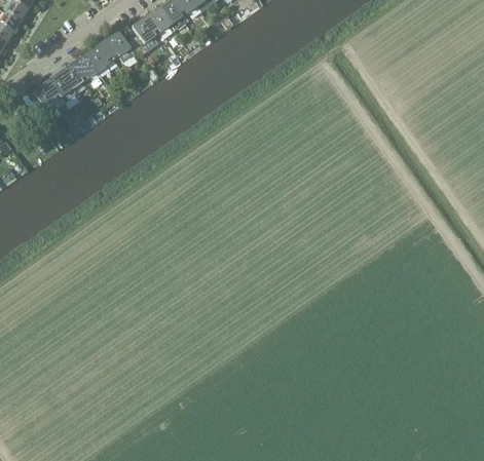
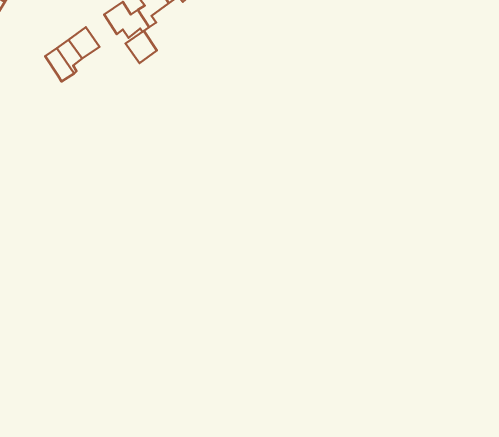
building: [86,41,114,70] -> [125,31,157,63]
building: [34,78,62,112] -> none

